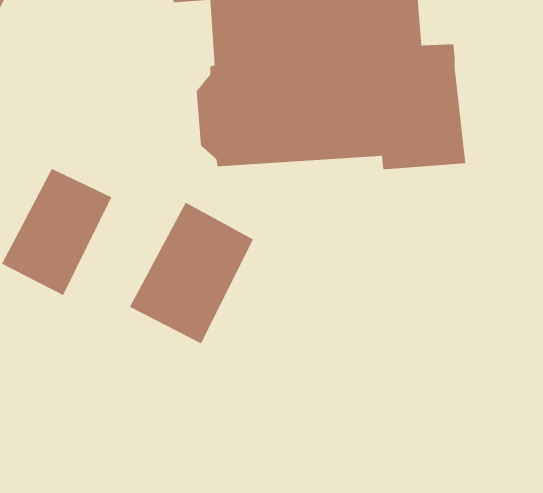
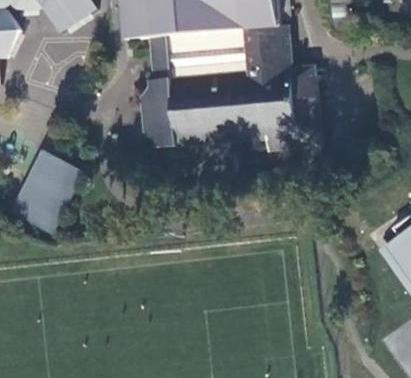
building: [129,202,254,344] -> none

